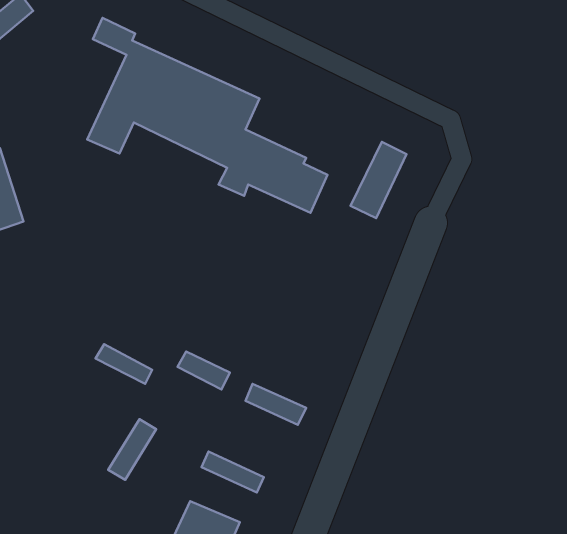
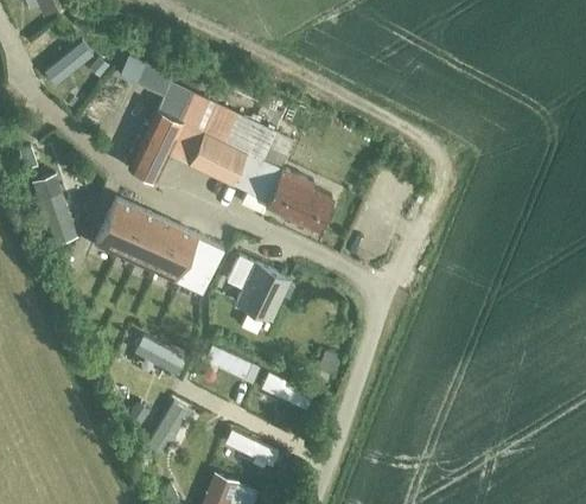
building: [350,142,406,218] -> none
building: none -> [95,196,224,294]
building: none -> [227,255,294,319]

